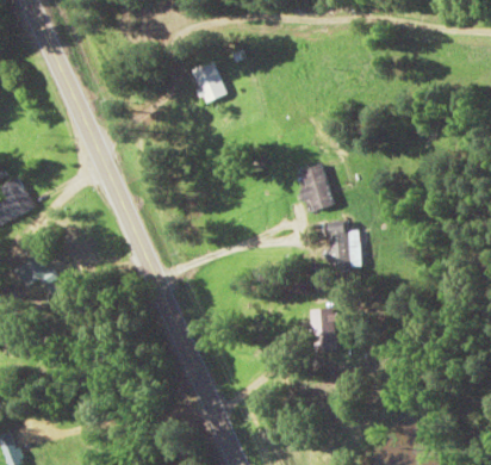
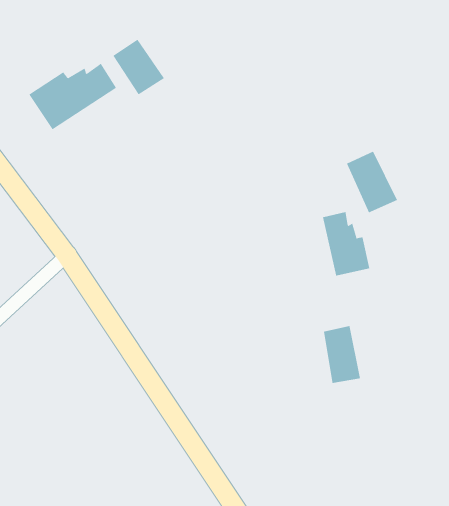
building: none -> [29,63,117,130]
building: [299,163,334,210] -> [346,151,398,213]

